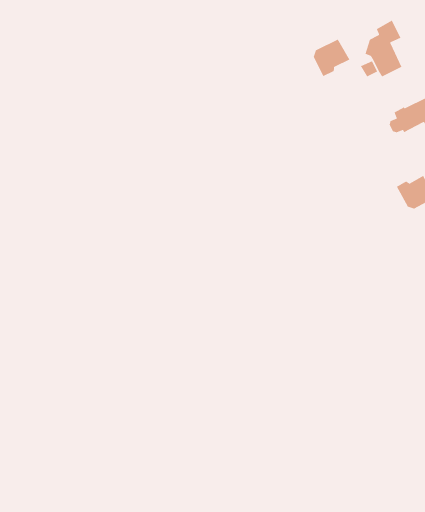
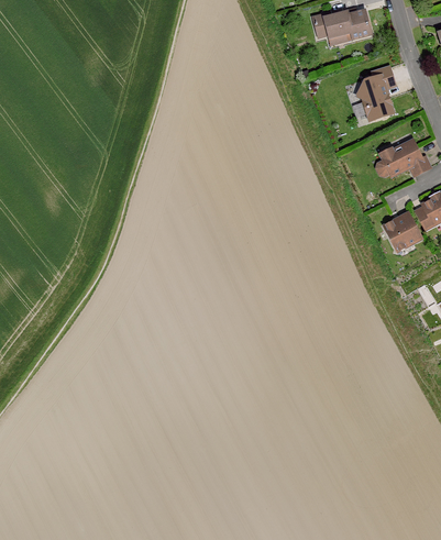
building: [313,38,350,77] -> none

